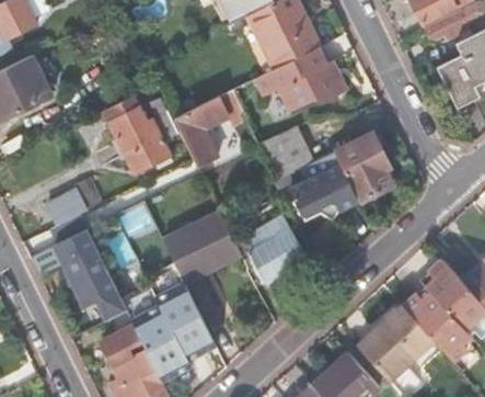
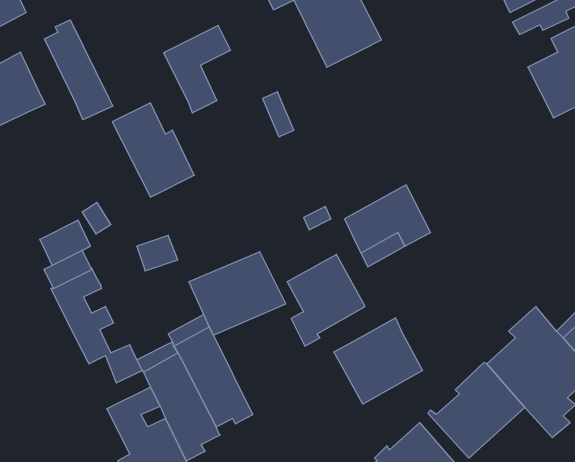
building: none -> [45,20,113,120]
building: [253,47,346,110] -> none
building: [174,95,228,166] -> [164,25,231,113]
building: [258,126,312,179] -> none
building: [334,134,391,202] -> none
building: none -> [334,318,422,404]

